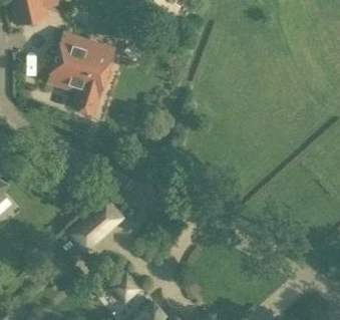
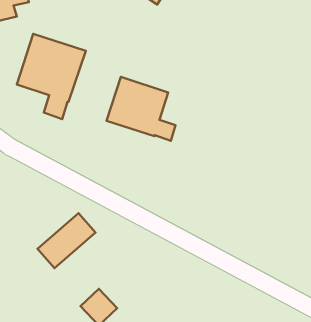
building: none -> [107,77,176,141]

